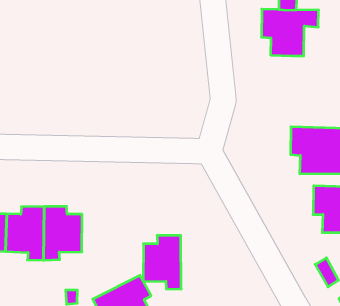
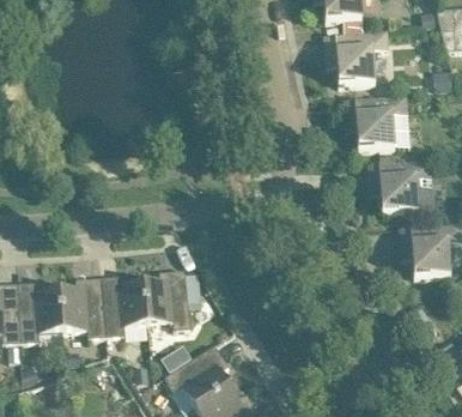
building: none -> [345,95,409,150]
building: [143,235,181,289] -> [145,268,192,330]

